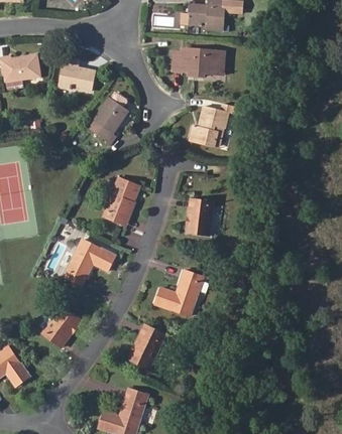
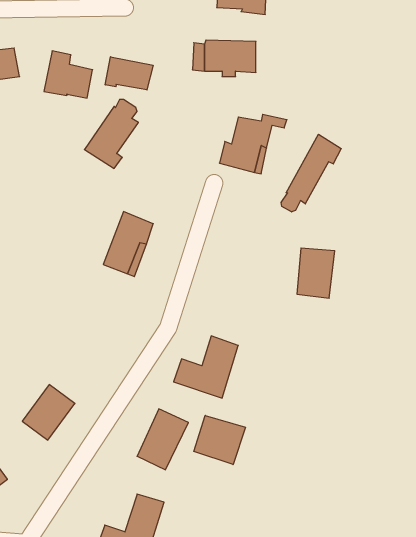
building: none -> [105,57,153,90]
building: none -> [281,134,341,212]
building: [186,198,214,236] -> [297,248,335,298]
building: [63,239,115,286] -> none
building: none -> [194,415,246,465]

